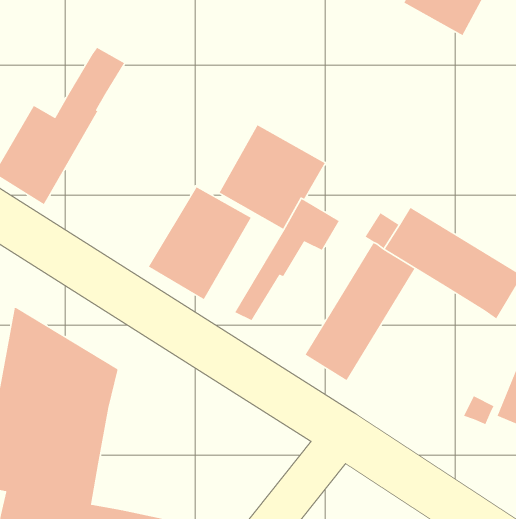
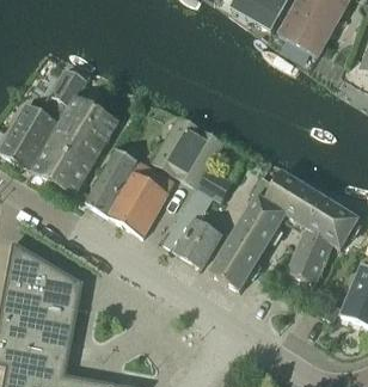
building: none -> [33,96,117,195]
building: none -> [85,147,136,213]
building: none -> [174,219,220,266]
building: none -> [288,227,332,283]

